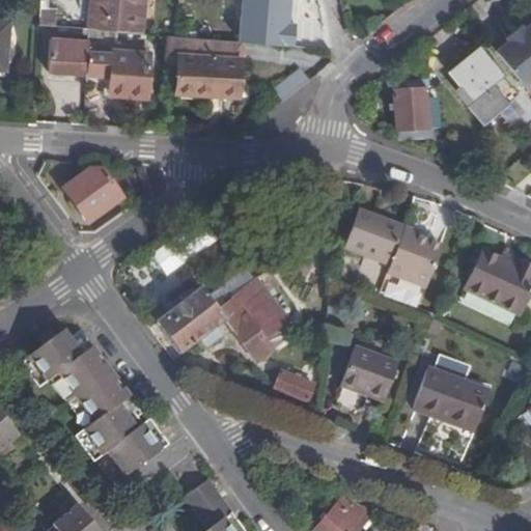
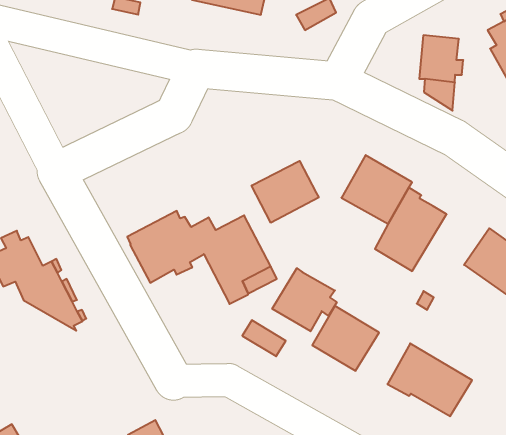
building: [61,169,120,222] -> none
building: none -> [252,161,319,223]
building: none -> [272,268,337,331]
building: [68,390,161,476] -> none

